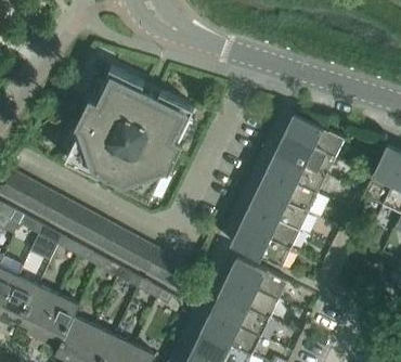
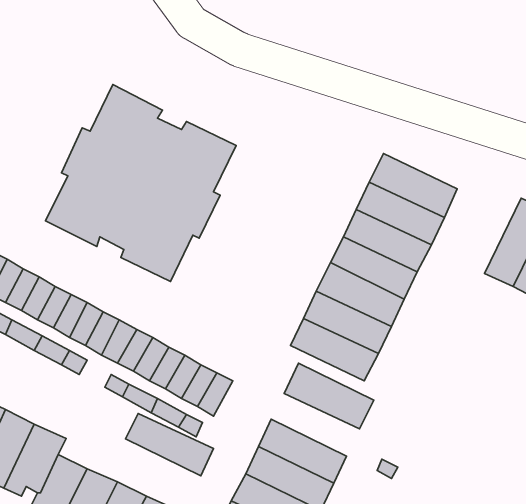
building: [218,277,277,320] -> [126,413,214,476]

